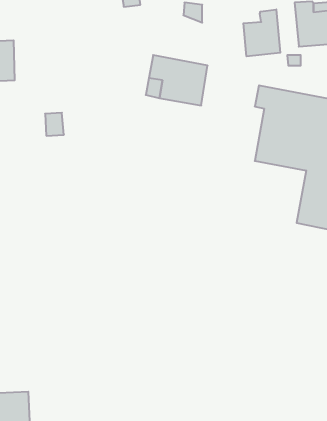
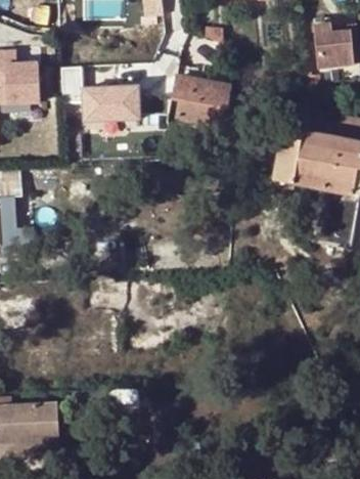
building: [243,9,280,56] -> none
building: none -> [63,64,141,120]

